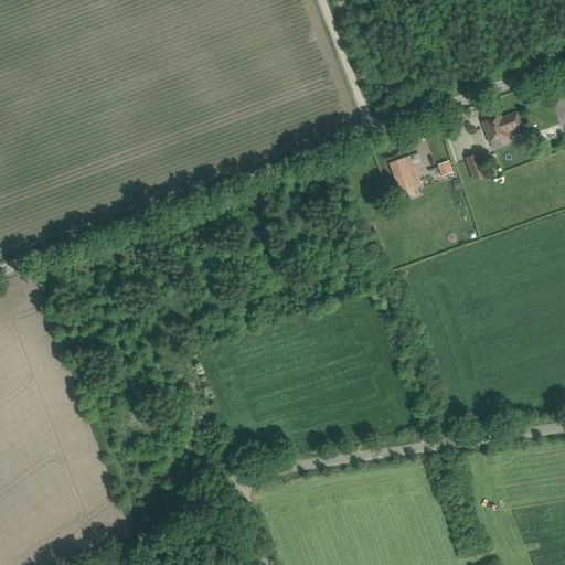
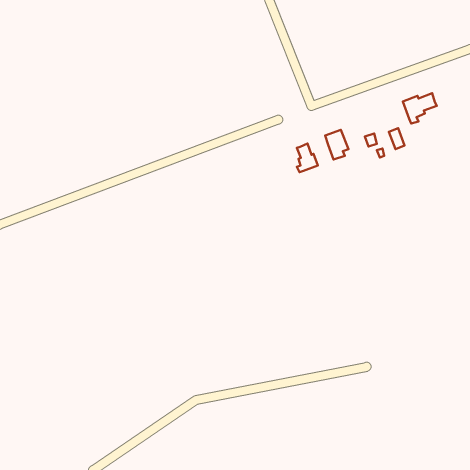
building: none -> [297,144,318,172]

